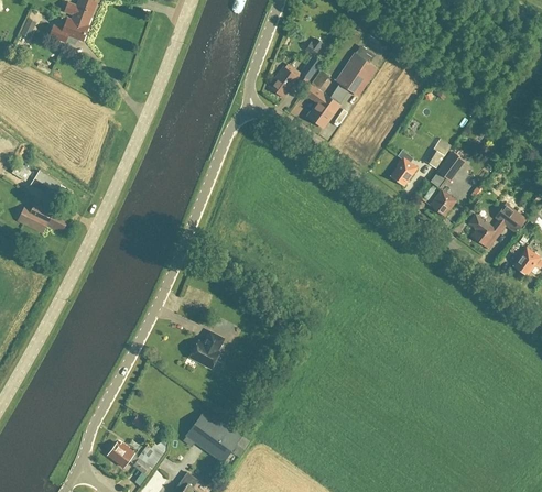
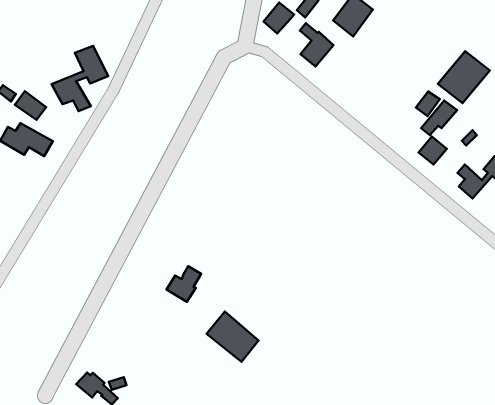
building: none -> [438,51,490,103]
building: none -> [52,46,108,111]
building: [389,150,418,186] -> none
building: [189,408,241,457] -> [206,311,259,362]

